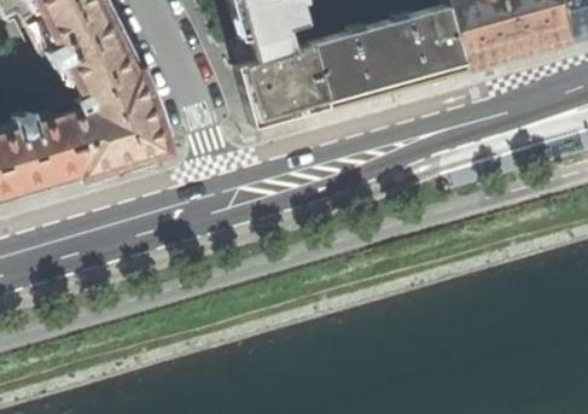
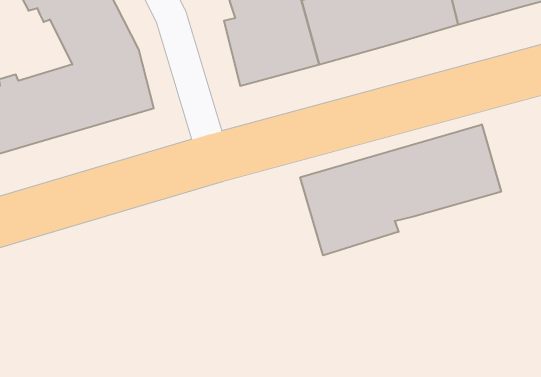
building: none -> [300,124,501,255]

